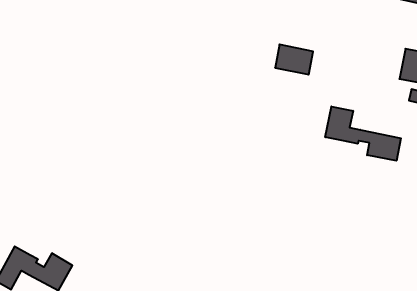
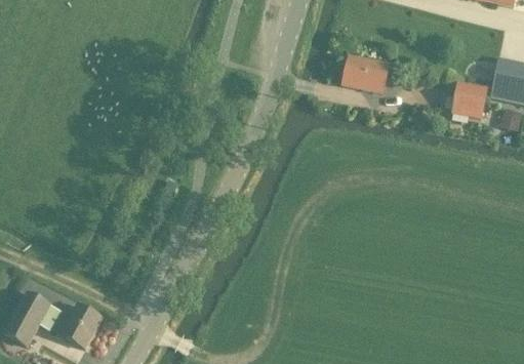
building: none -> [452,82,486,119]
building: [325,106,401,161] -> none

